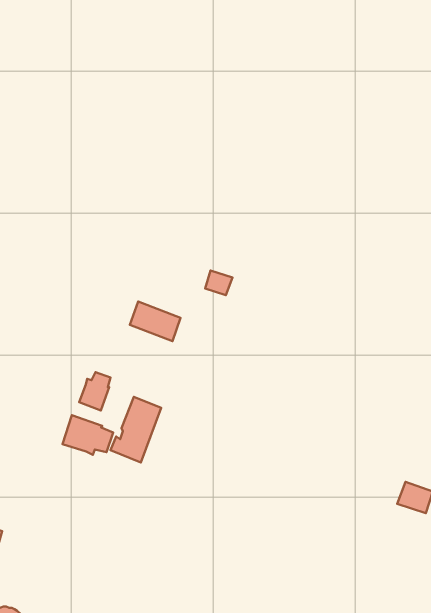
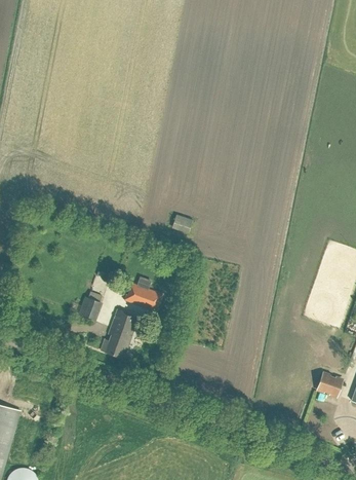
building: [130,302,181,341] -> [119,282,157,311]
building: [62,415,113,455] -> none

